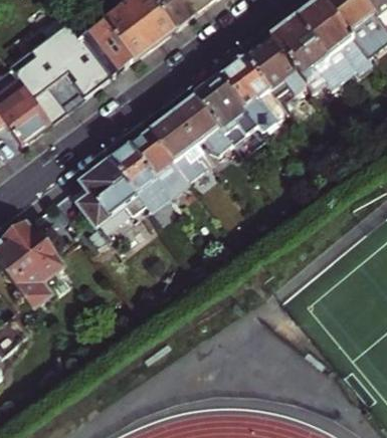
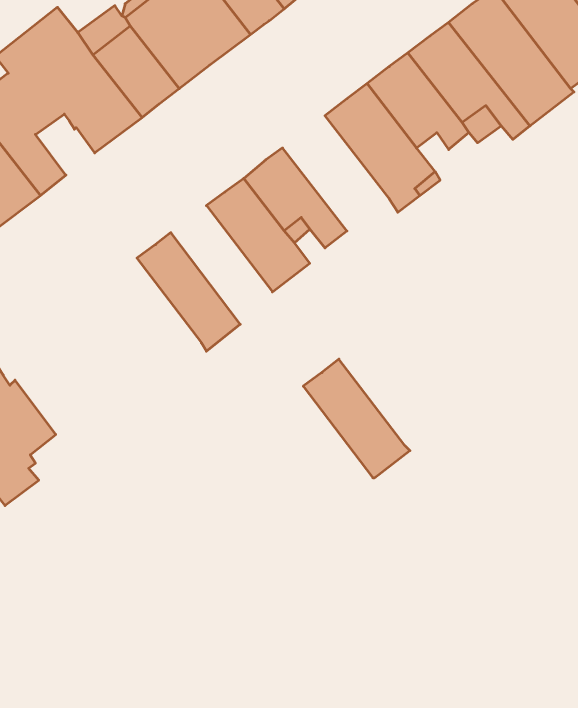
building: [196,72,259,141] -> none
building: [130,126,193,196] -> [303,359,410,478]
building: [80,157,148,237] -> none

